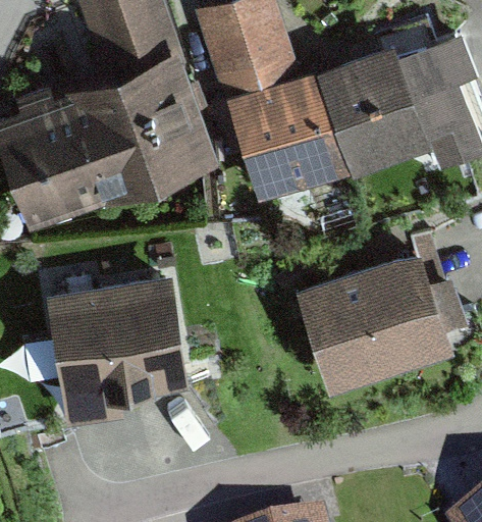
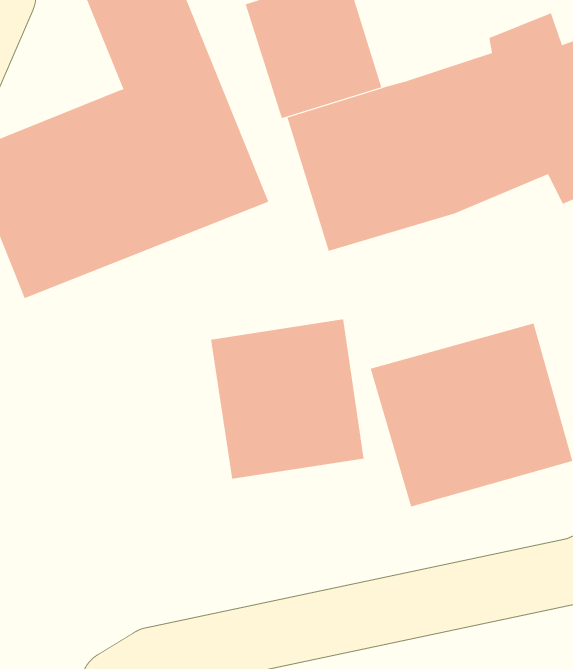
building: none -> [210,318,364,480]
building: [47,281,181,401] -> none

